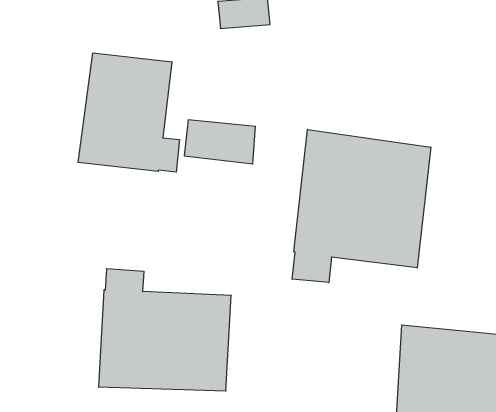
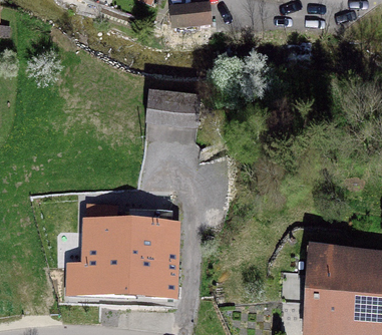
building: [78,53,179,172] -> none
building: [292,129,431,283] -> none

